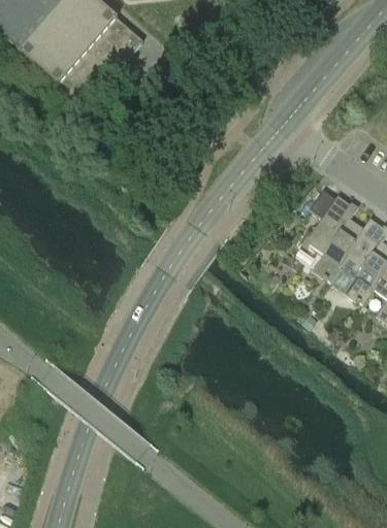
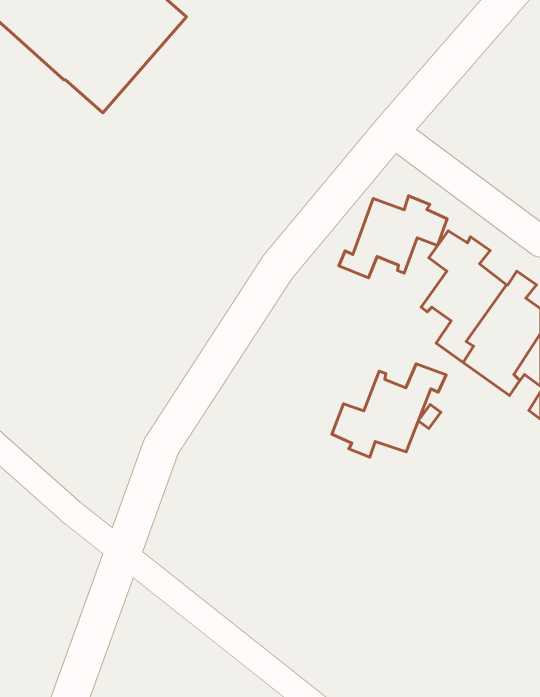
building: none -> [339,196,447,278]
building: none -> [332,364,446,457]

